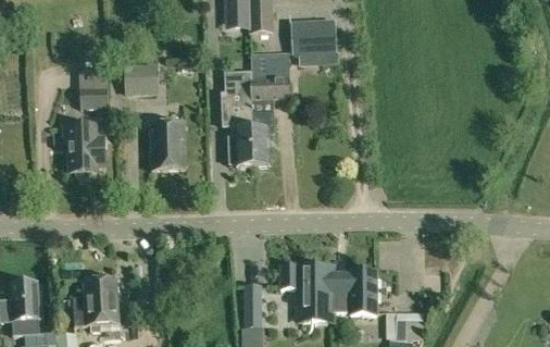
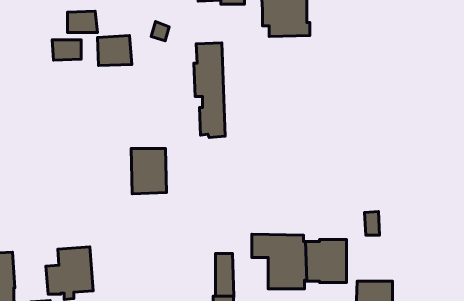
building: [250,52,290,165] -> none
building: [79,87,110,109] -> [67,11,97,33]
building: [150,123,186,169] -> [131,149,166,194]
building: [64,125,104,175] -> none

